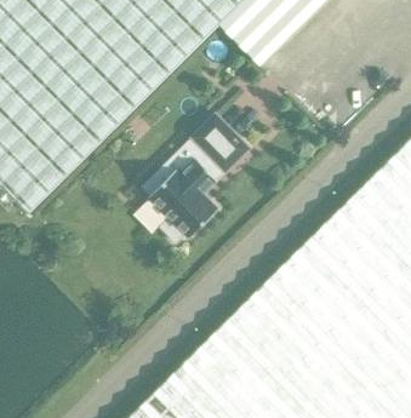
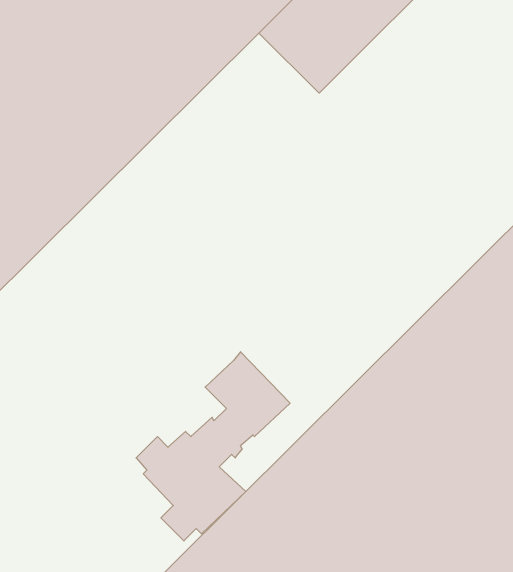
building: [143,113,249,242] -> [136,352,290,541]

